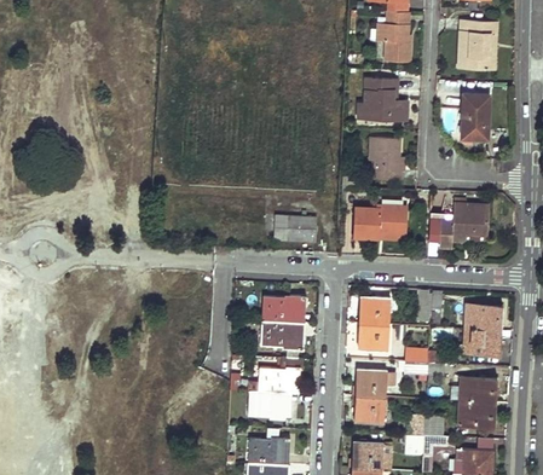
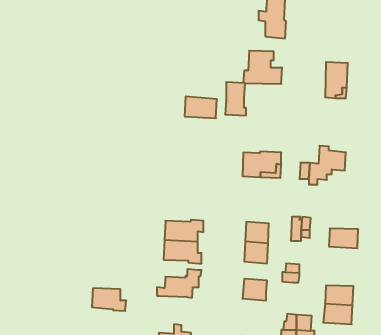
building: [457,19,495,69] -> none
building: [374,138,400,180] -> [225,82,246,115]
building: [276,213,317,241] -> [185,96,217,118]
building: [464,328,502,354] -> none
building: [248,390,291,419] -> [92,288,126,311]
building: [354,394,386,422] -> none

